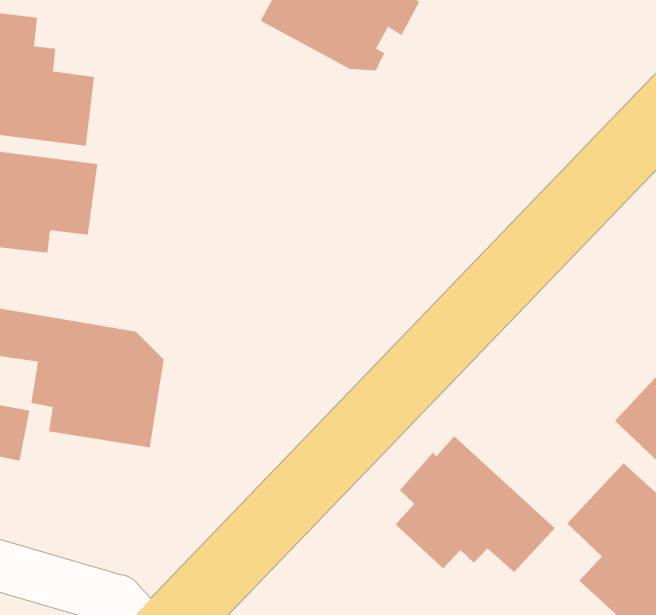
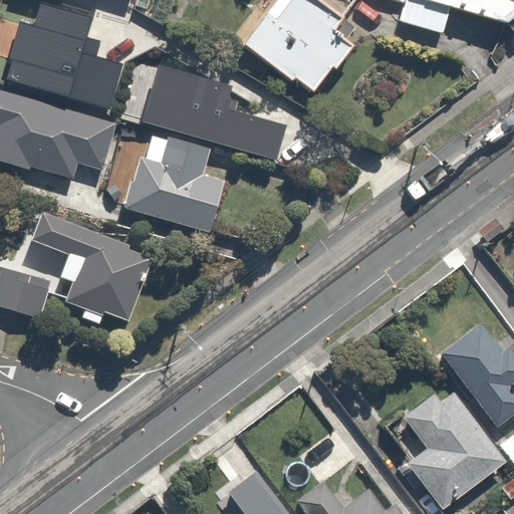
building: none -> [144,65,288,160]
building: none -> [124,137,226,233]
building: [395,436,556,573] -> none

